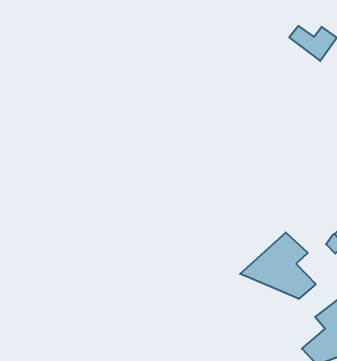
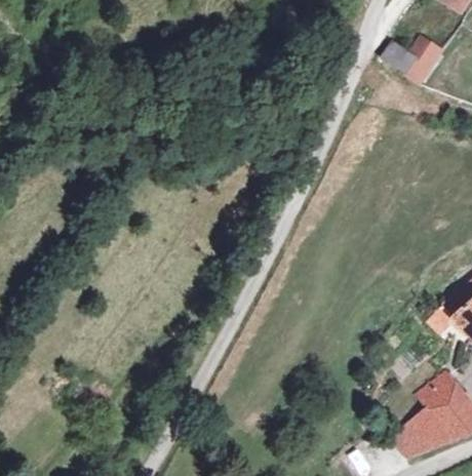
building: [240,232,316,299] -> none

